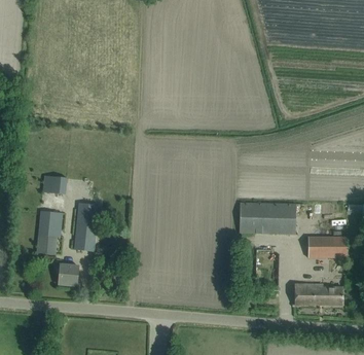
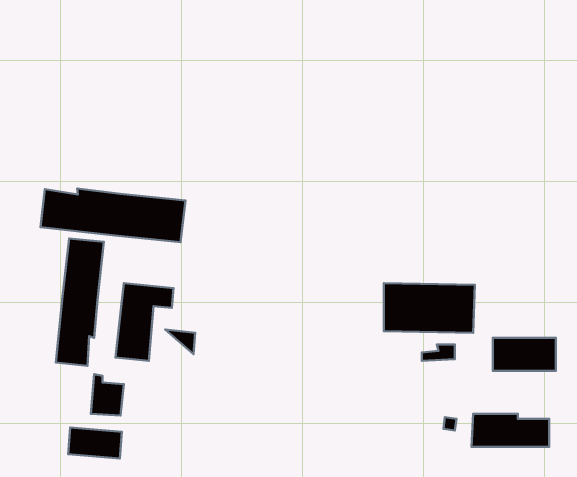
building: none -> [41,188,185,242]
building: none -> [68,428,122,459]

